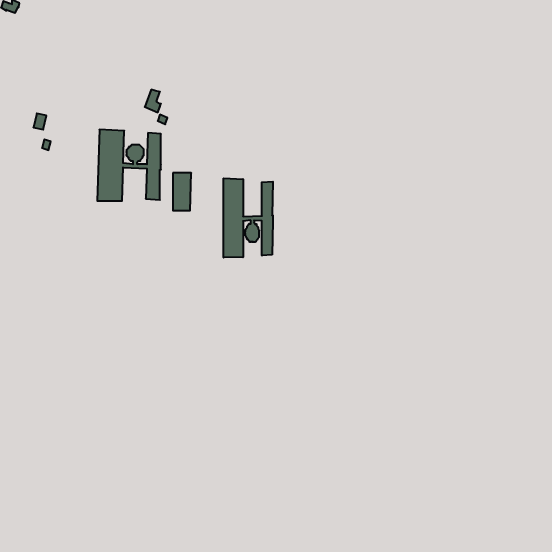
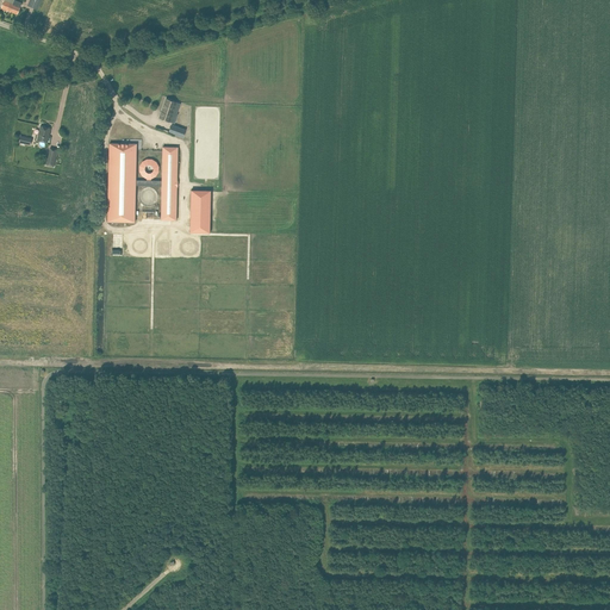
building: [224,178,273,258] -> none

